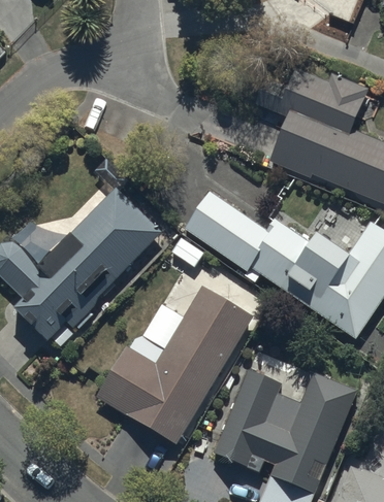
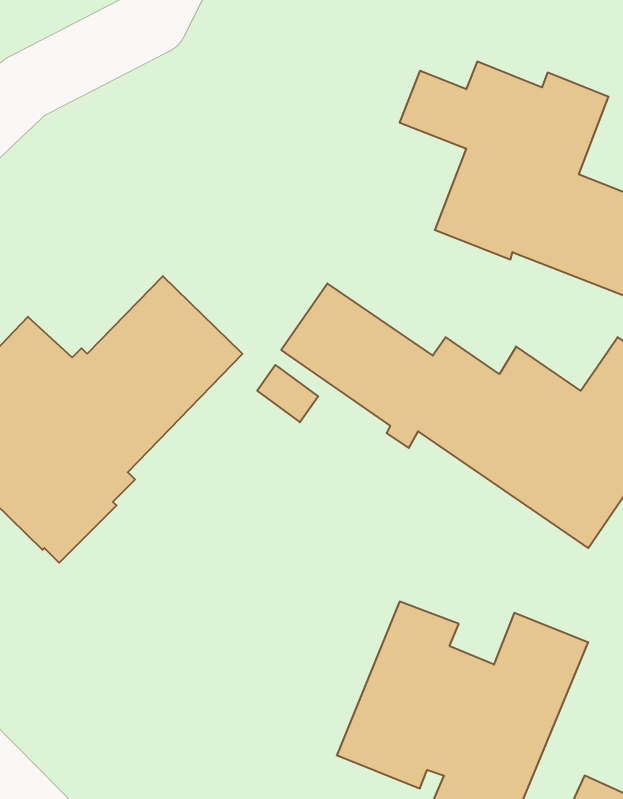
building: [95,287,252,444] -> none

